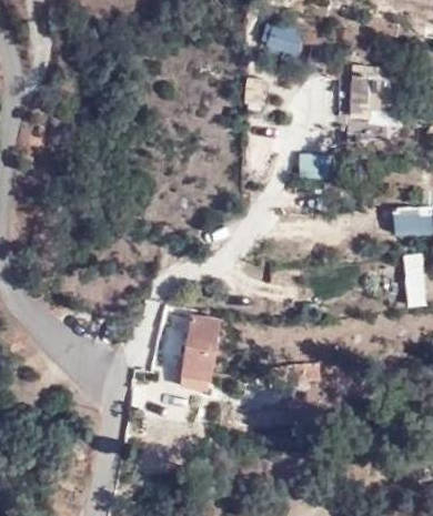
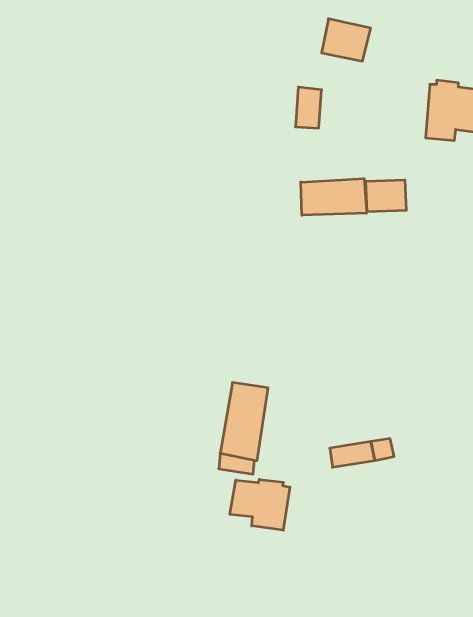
building: none -> [301,179,367,215]
building: none -> [230,479,290,530]

